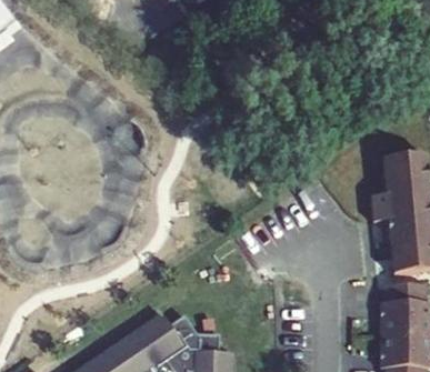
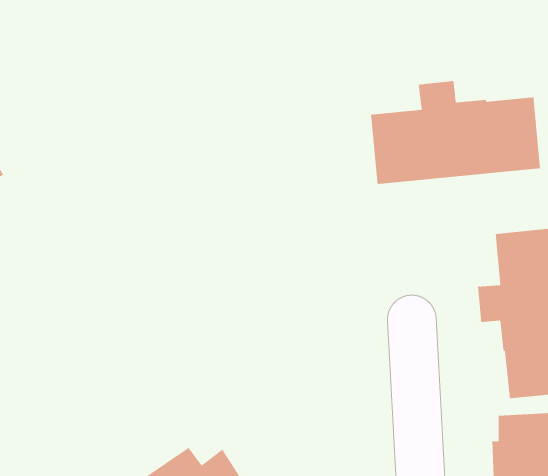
building: none -> [370,80,541,185]

